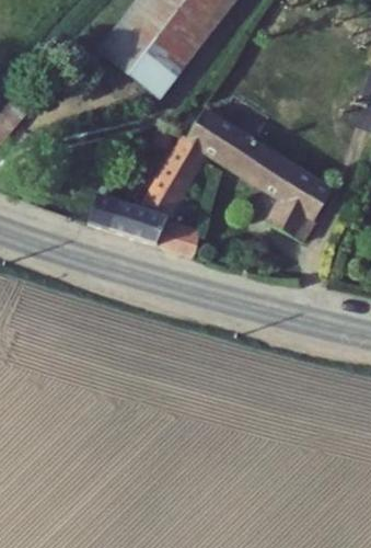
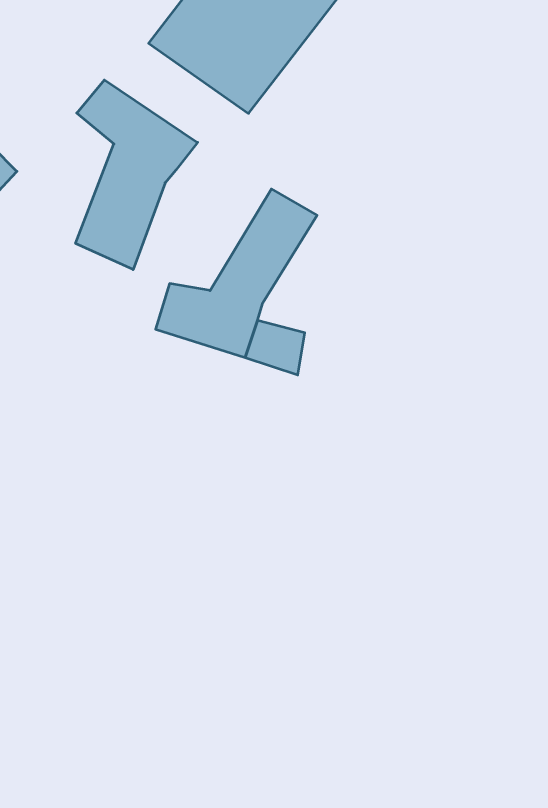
building: none -> [76,80,198,270]
building: [172,110,333,233] -> none

